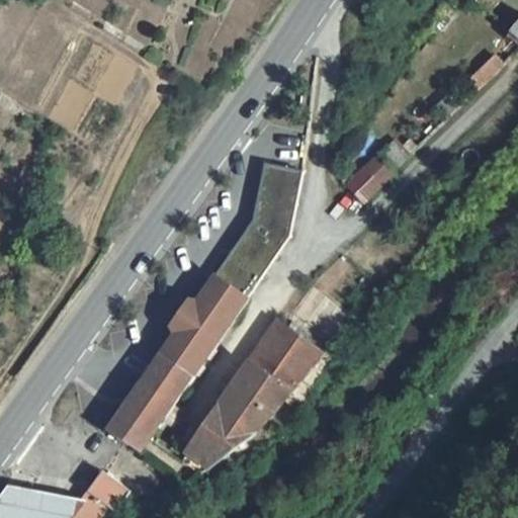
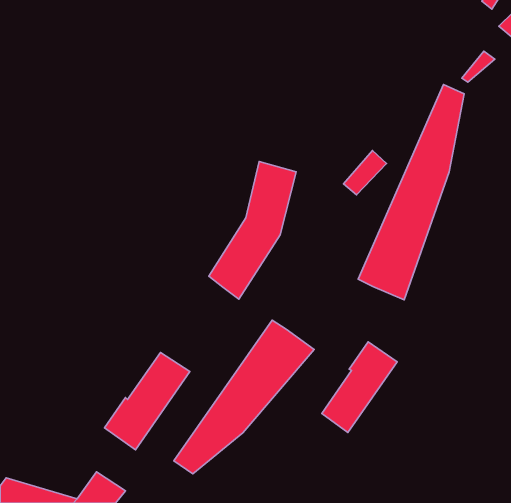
building: none -> [358,84,464,300]
building: [161,278,243,374] -> none
building: none -> [322,342,397,433]

